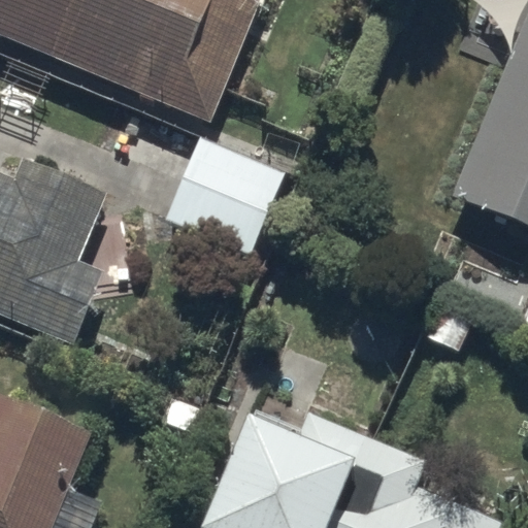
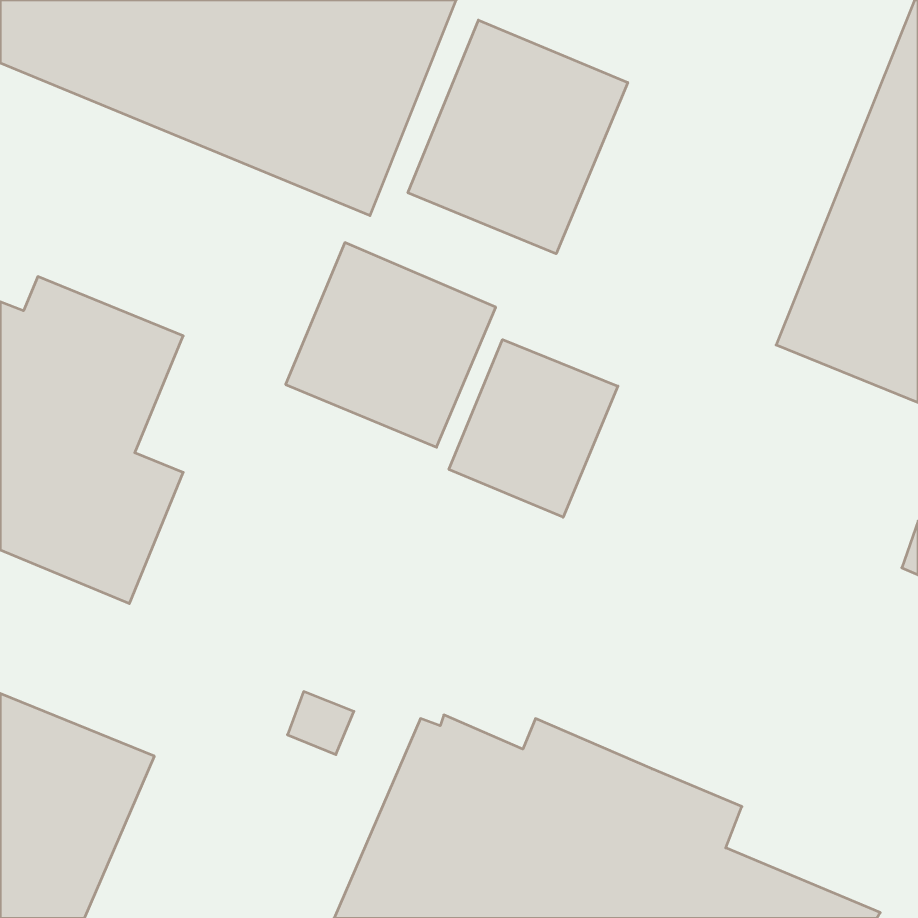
building: none -> [408,20,628,254]
building: none -> [449,340,618,517]

